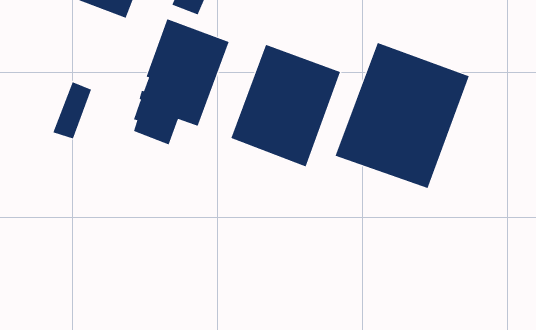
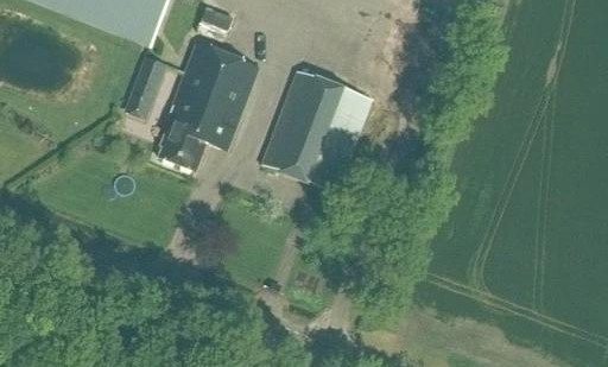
building: [335,42,469,189] -> none
building: [52,81,92,139] -> [125,55,165,114]

